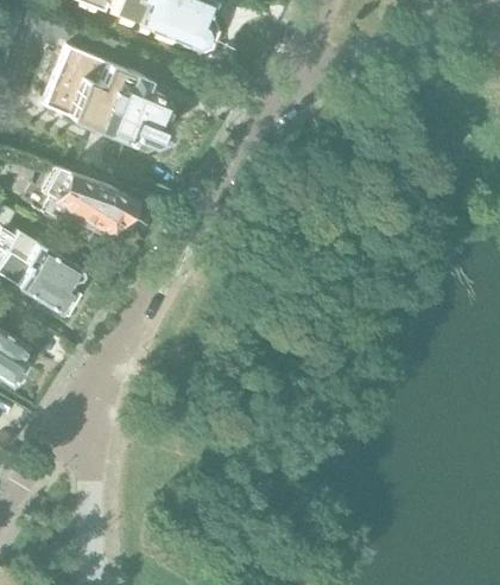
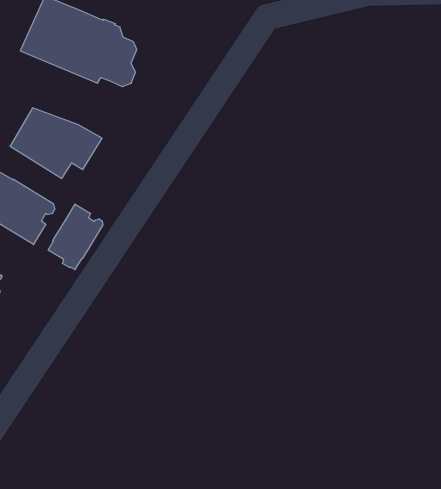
building: none -> [48,204,103,270]

